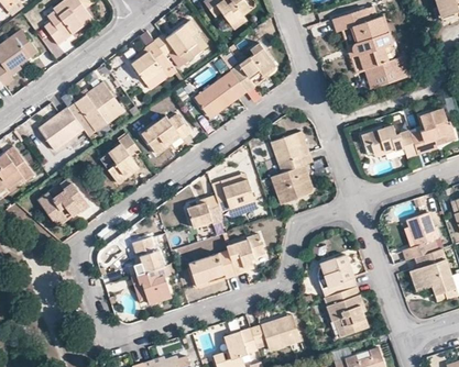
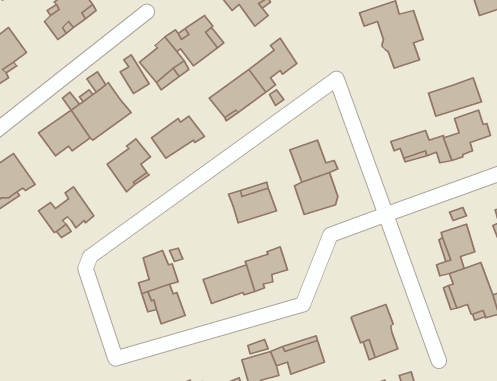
building: [364,55,413,90] -> [429,78,482,116]
building: [189,196,223,229] -> none
building: [318,254,357,297] -> none

